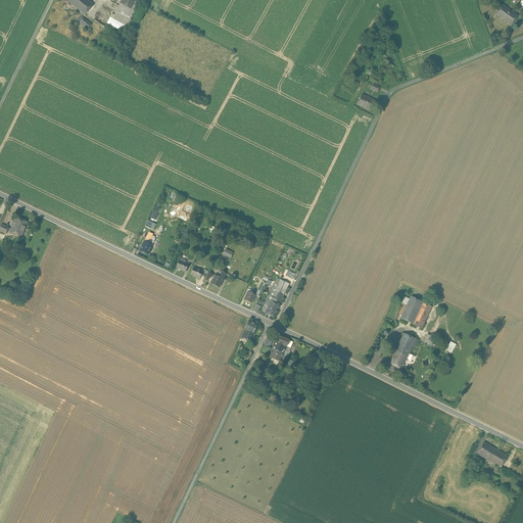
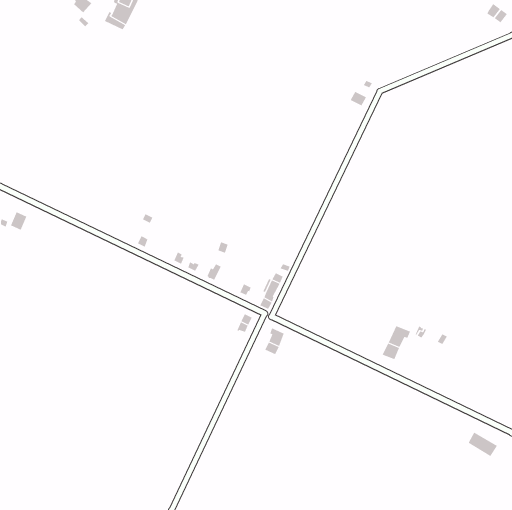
building: [400,295,432,326] -> none

